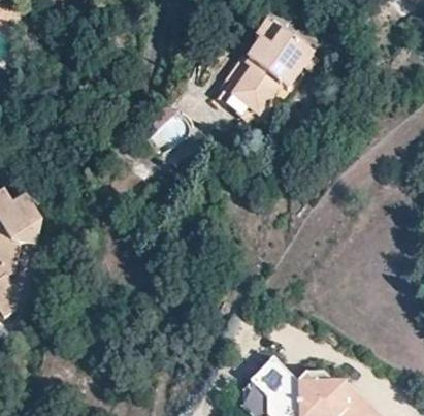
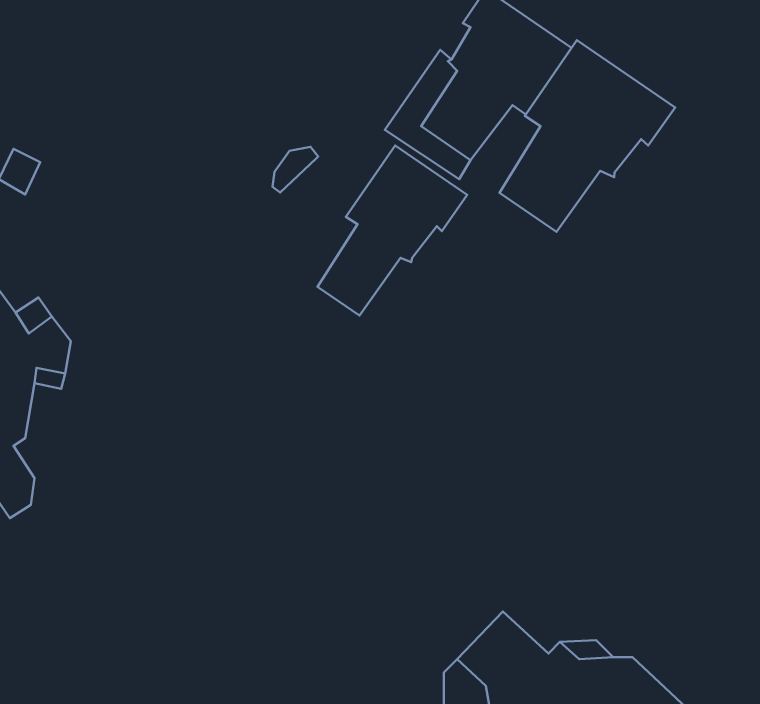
building: none -> [499,40,675,232]
building: none -> [317,145,467,315]

